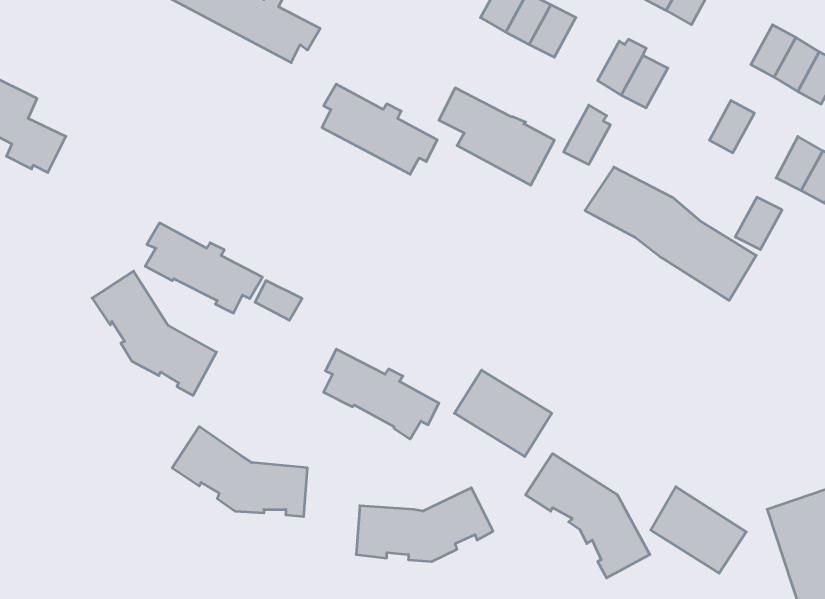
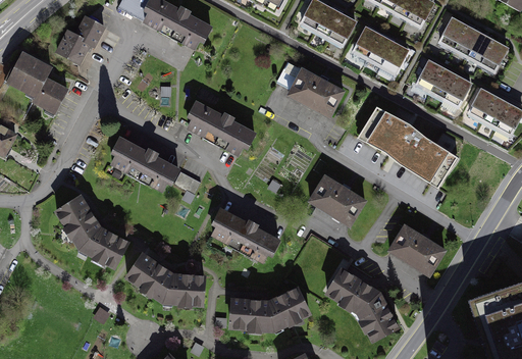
building: none -> [57,17,104,62]
building: none -> [440,18,467,48]
building: [322,84,437,174] -> [189,102,254,153]
building: none -> [417,61,443,91]
building: [564,105,610,164] -> [354,23,380,57]
building: [735,197,782,250] -> [445,75,471,105]
building: [92,271,217,395] -> [57,196,127,266]
building: [454,370,552,457] -> [310,175,365,224]
building: [651,487,746,573] -> [390,224,445,273]

